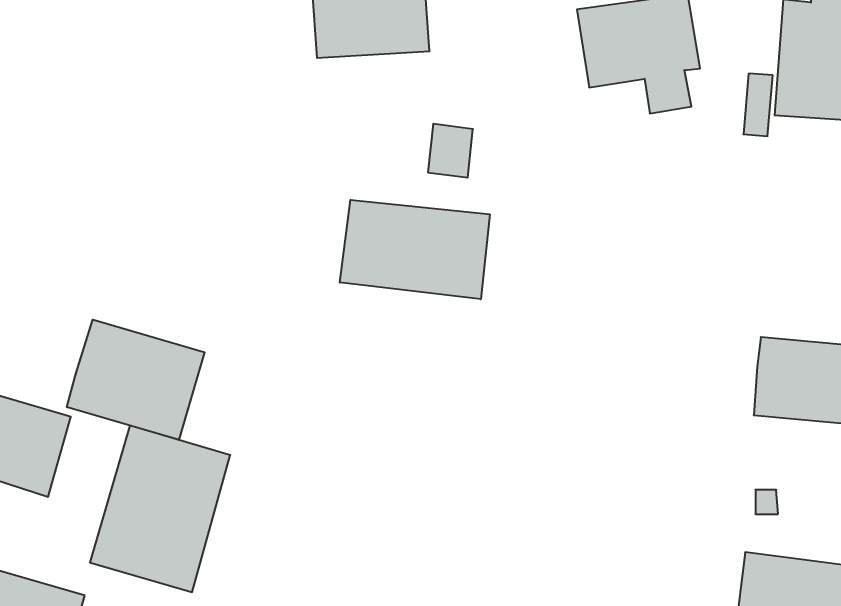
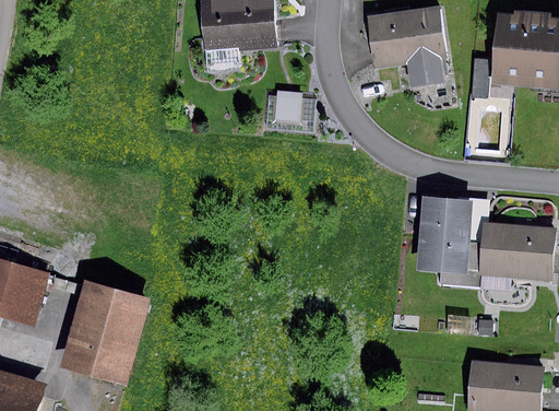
building: [340,200,490,299] -> none
building: none -> [416,197,480,286]
building: [67,320,205,440] -> none

